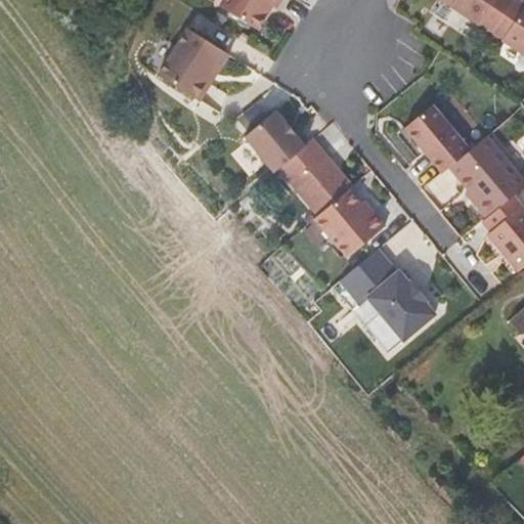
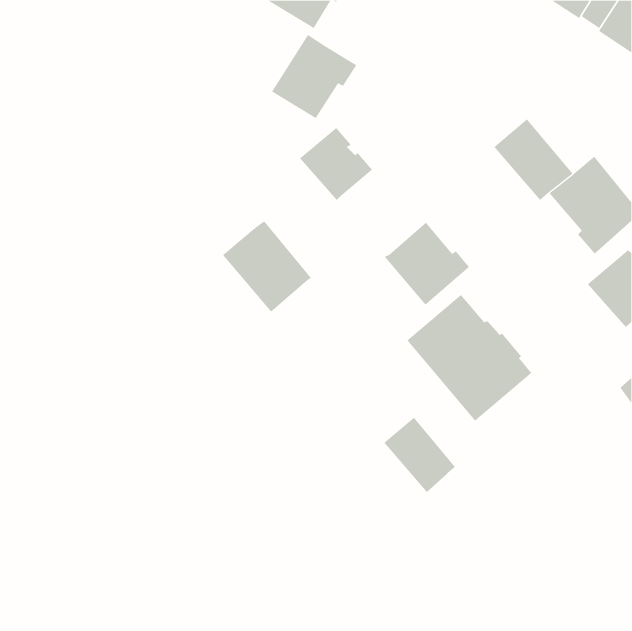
building: [160,28,230,97] -> [271,34,357,119]
building: [279,138,353,214] -> [222,220,312,313]
building: none -> [383,417,456,493]

